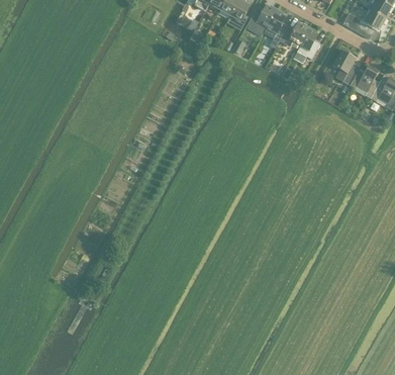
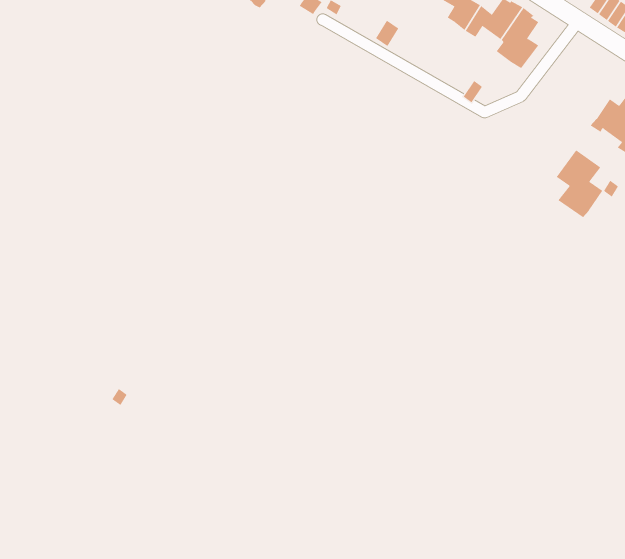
building: [333,50,359,85] -> [556,150,603,218]

